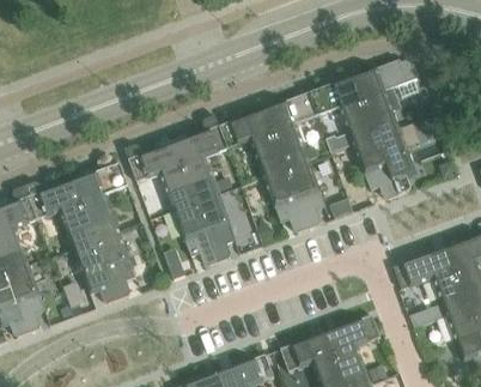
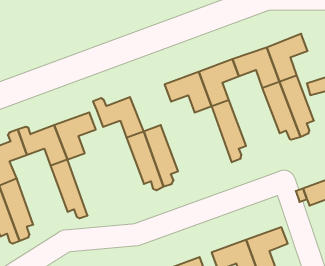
building: [173,115,227,188] -> none
building: [258,155,308,232] -> none
building: [91,217,136,300] -> none

